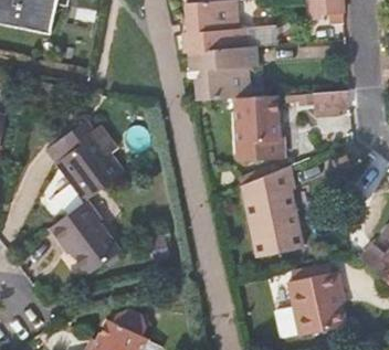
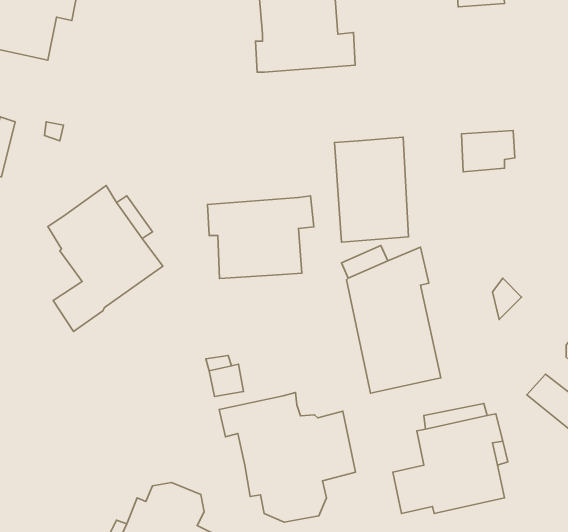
building: [189,43,257,96] -> [208,196,314,278]
building: [50,200,120,275] -> none
building: none -> [219,393,356,522]

